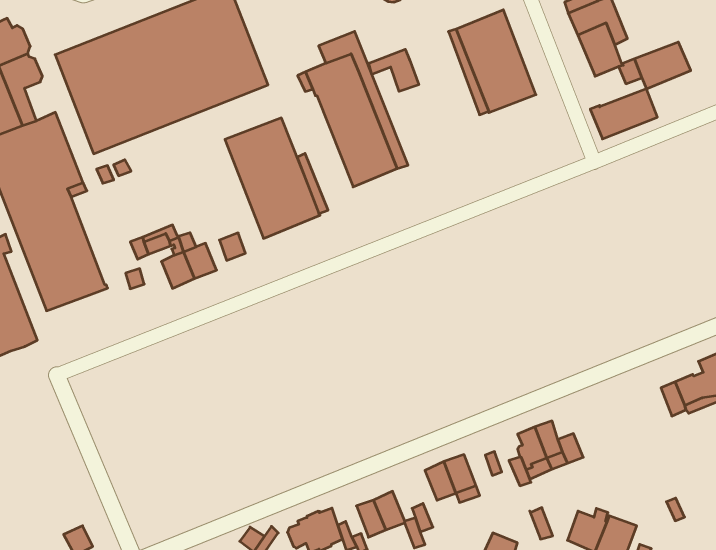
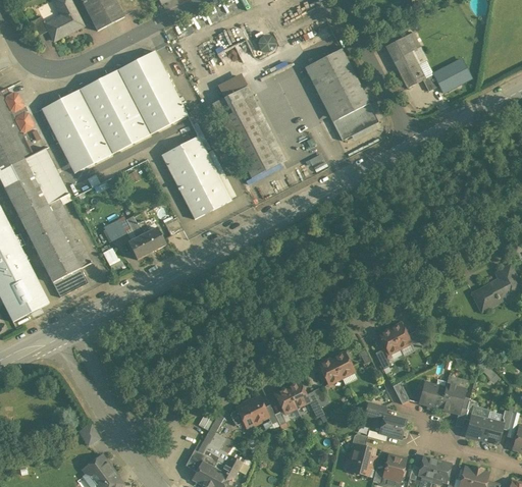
building: [369,49,419,91] -> none
building: [590,89,657,139] -> [331,104,377,141]
building: none -> [52,269,87,297]

